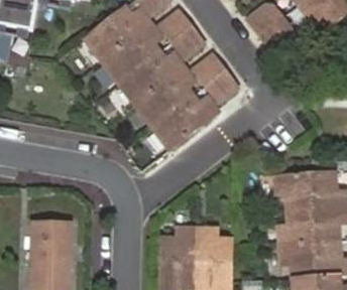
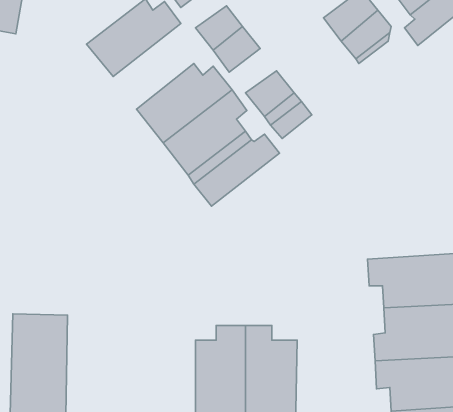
building: [102,23,159,82] -> none

